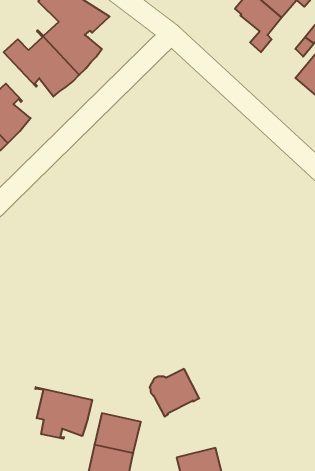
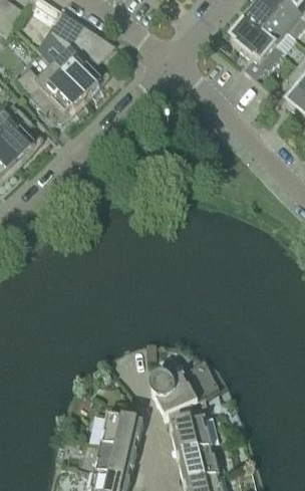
building: [35,387,92,439] -> none
building: none -> [168,402,212,455]

